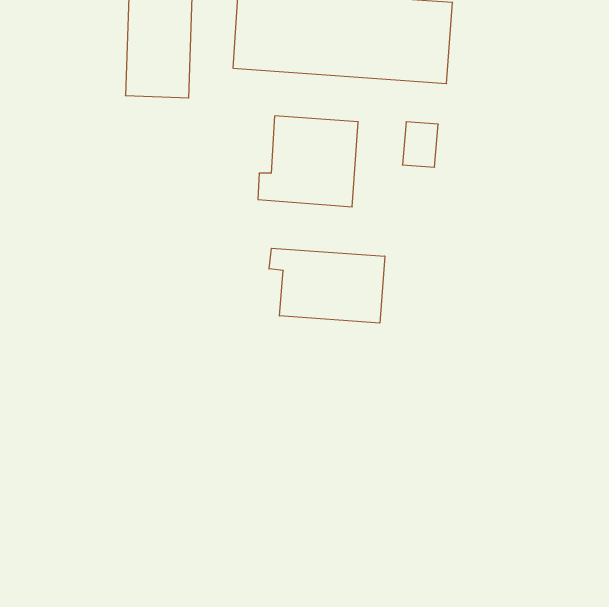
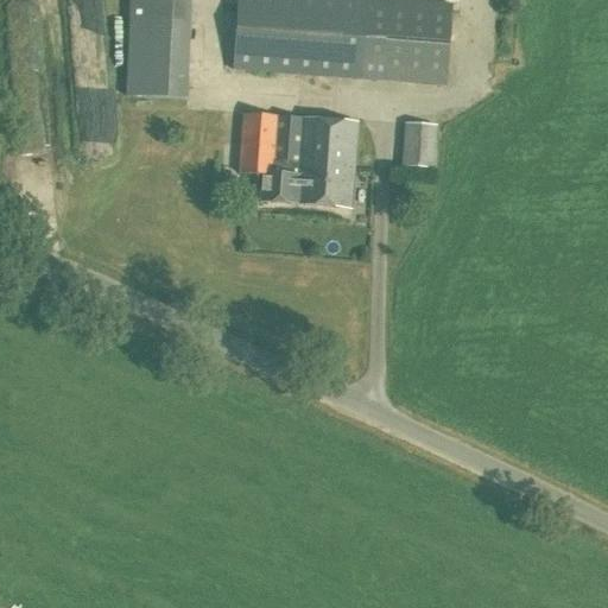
building: none -> [238,113,274,172]
building: [269,248,385,323] -> none

